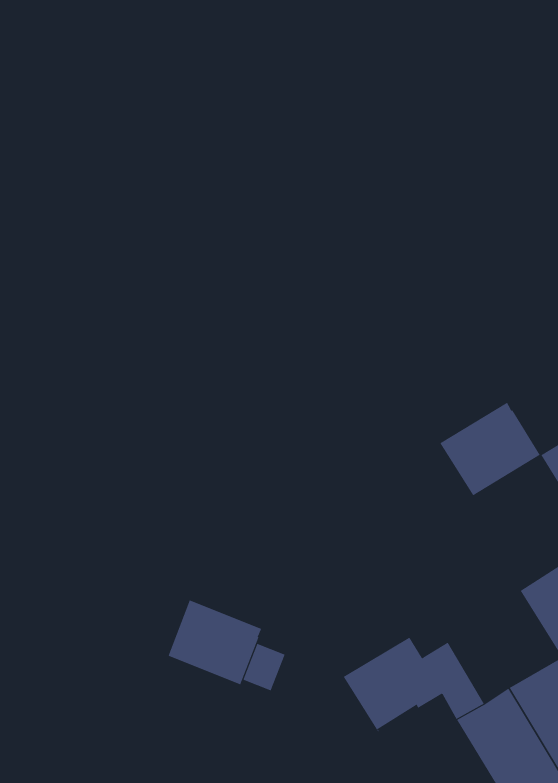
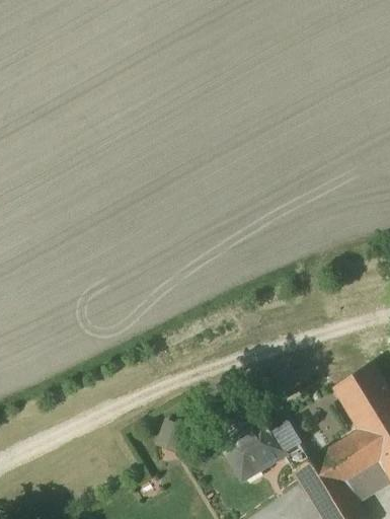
building: [440,402,541,496] -> none
building: [168,600,262,685] -> none

